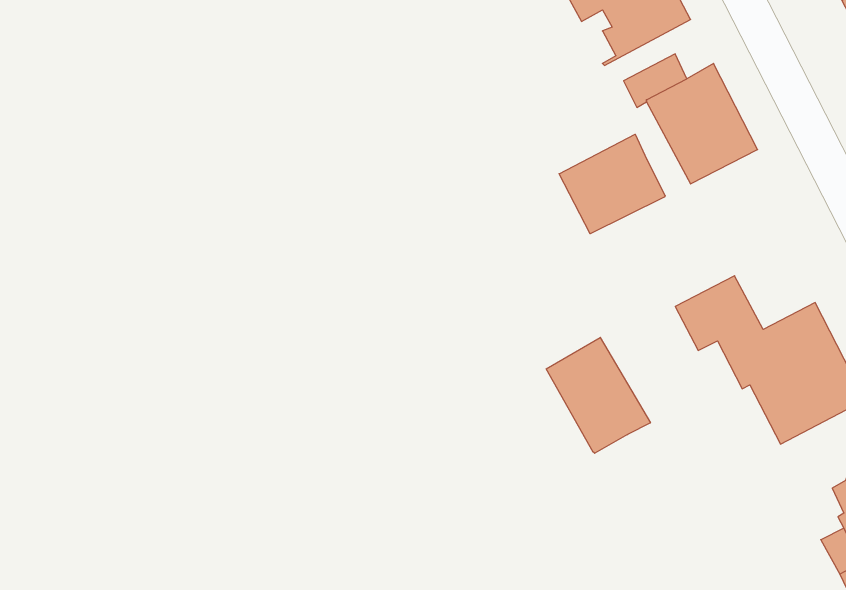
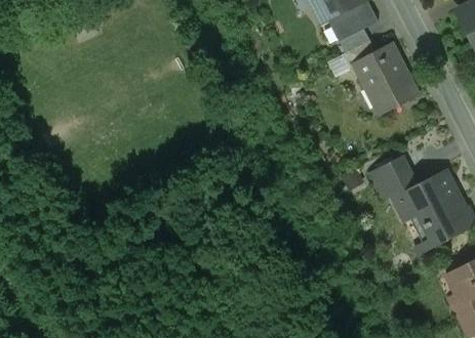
building: [559,134,665,234] -> none
building: [546,337,650,453] -> none

